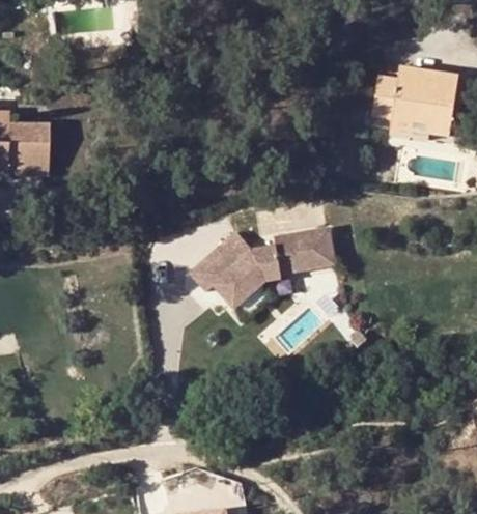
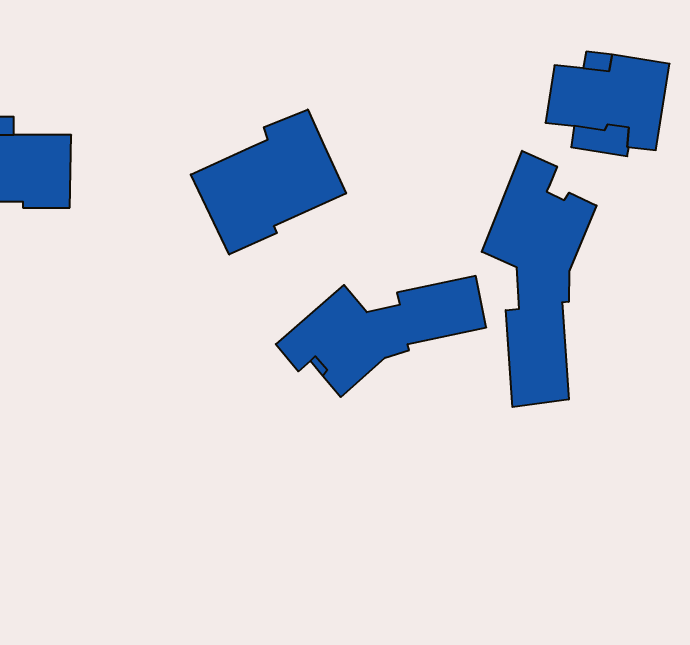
building: none -> [191,109,346,255]
building: none -> [482,151,597,407]

